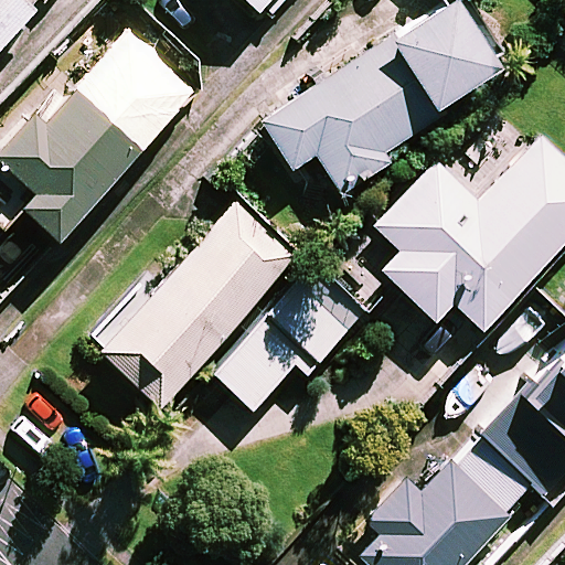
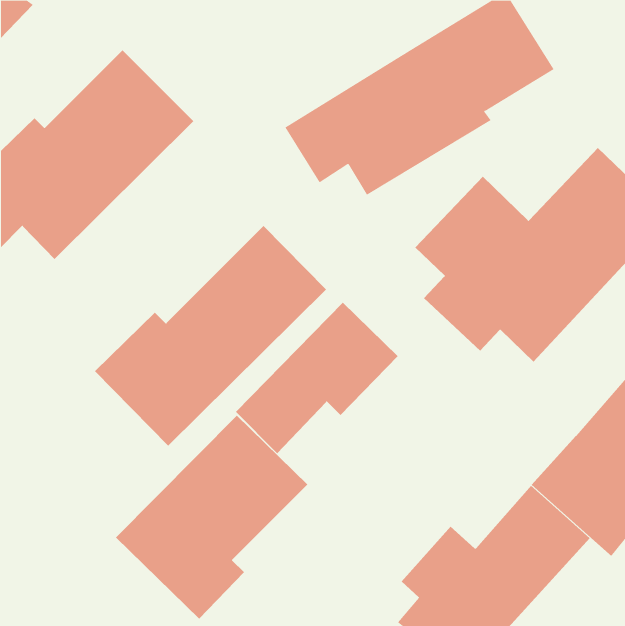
building: none -> [115,415,308,619]

